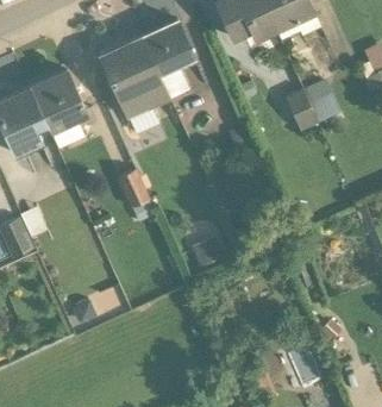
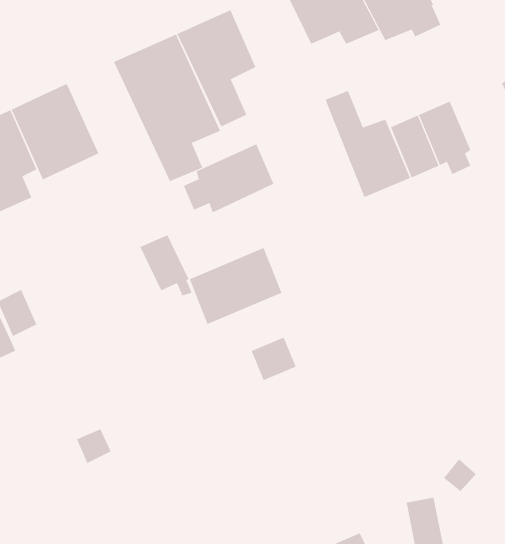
building: none -> [325,90,411,198]
building: none -> [183,144,274,213]
building: none -> [189,247,282,325]

